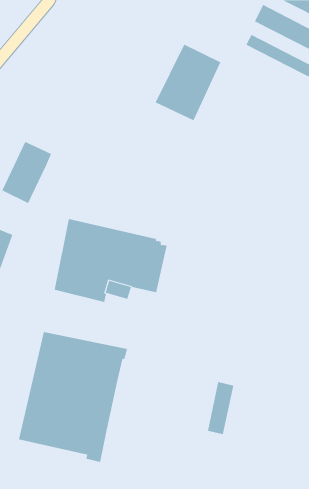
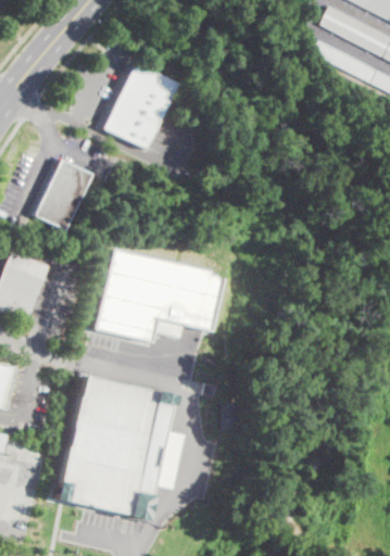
building: [155,44,221,121] -> [103,63,178,150]
building: [207,382,234,435] -> [155,429,186,489]

